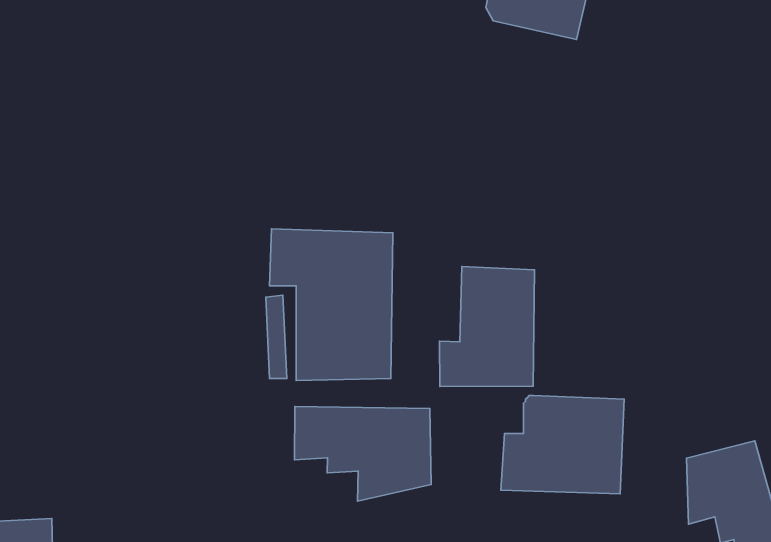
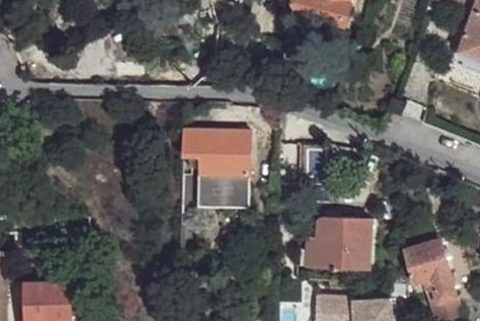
building: [440,267,535,387] -> none
building: [294,407,431,501] -> none

